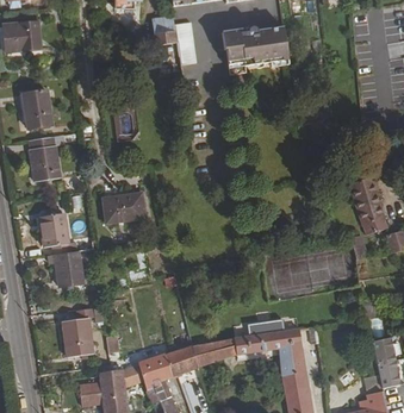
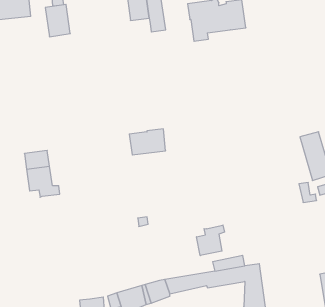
building: [21,88,50,125] -> [45,4,70,37]
building: [27,133,58,179] -> none
building: [102,193,144,223] -> [129,129,166,155]
building: [55,249,83,283] -> none
building: none -> [197,225,225,256]
building: [60,305,93,352] -> none

